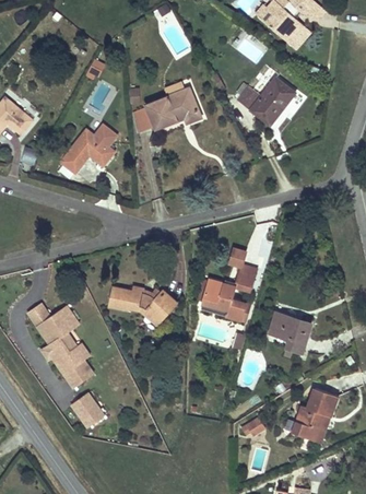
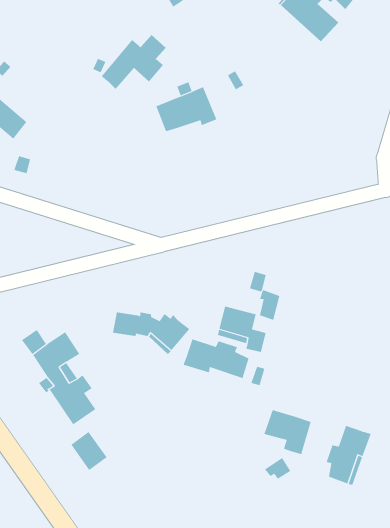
building: [236,79,294,125] -> none
building: [60,124,118,173] -> [101,34,166,90]
building: none -> [183,339,249,379]
building: [269,311,311,352] -> [264,409,312,455]

